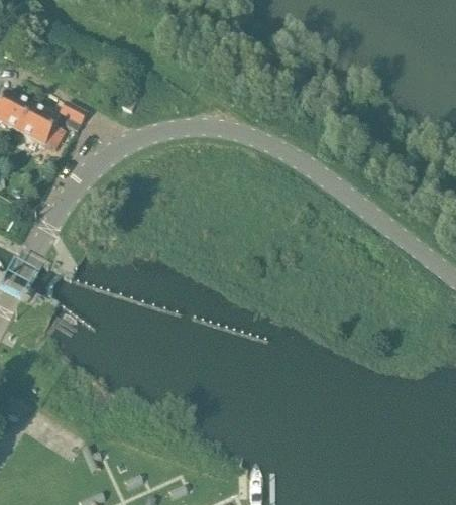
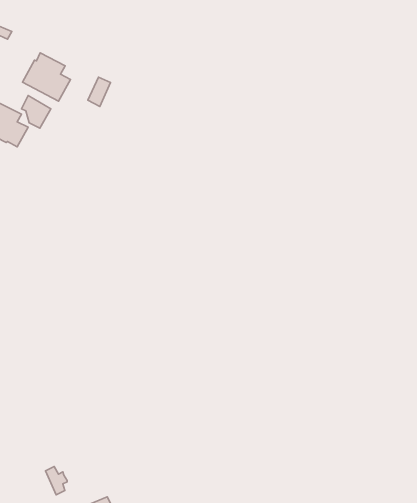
building: none -> [23,53,70,101]

